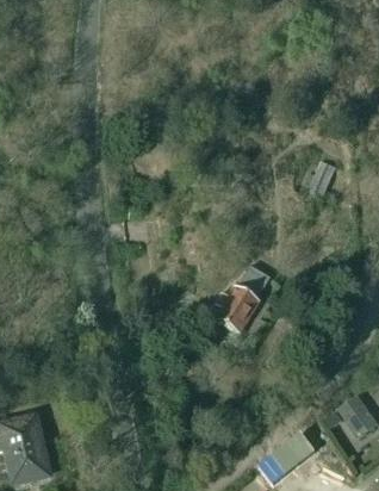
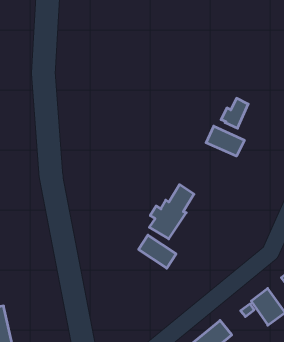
building: none -> [206,126,244,156]
building: none -> [139,235,176,268]

